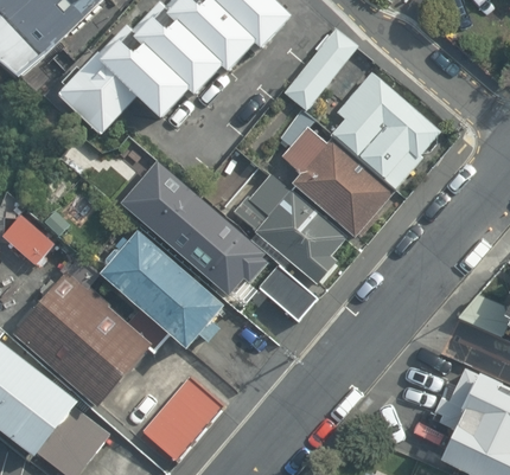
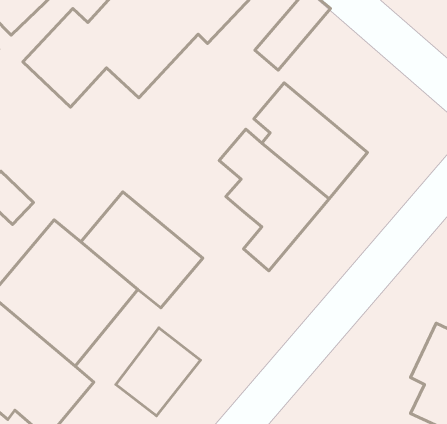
building: [308,60,444,192] -> none
building: [107,135,266,300] -> none

